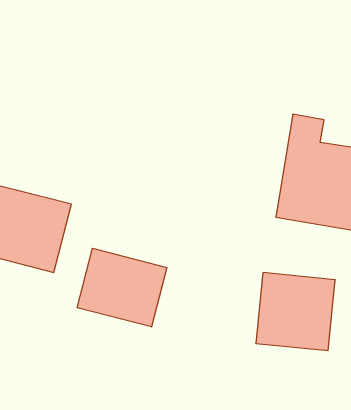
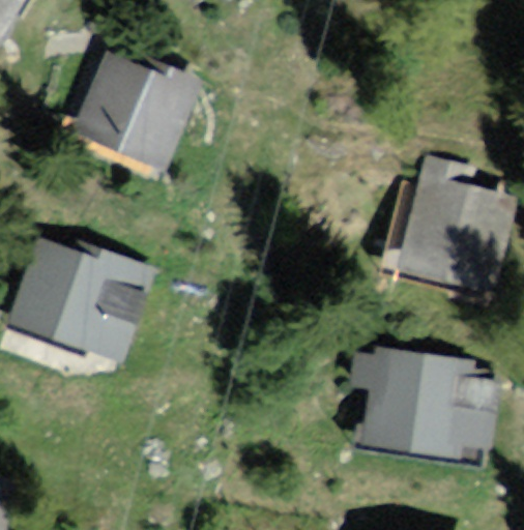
building: none -> [56,50,185,169]
building: [77,248,167,327] -> none

